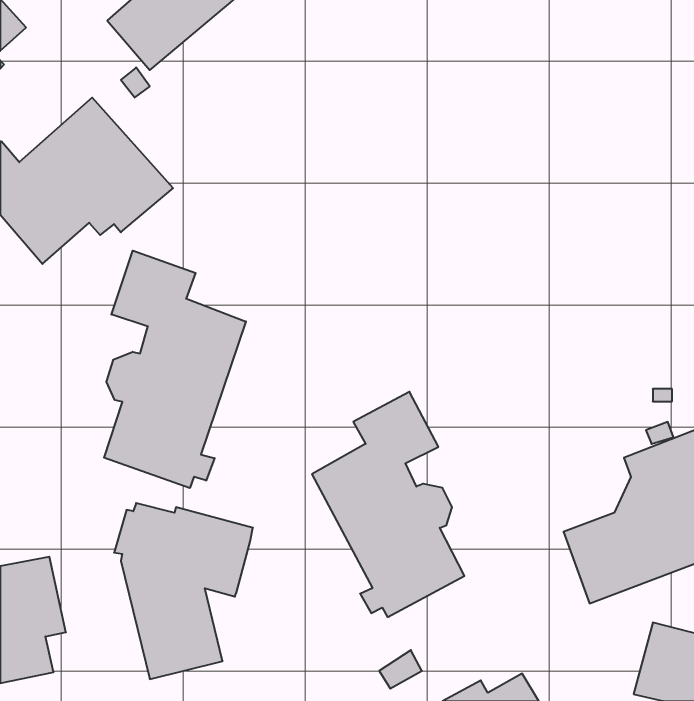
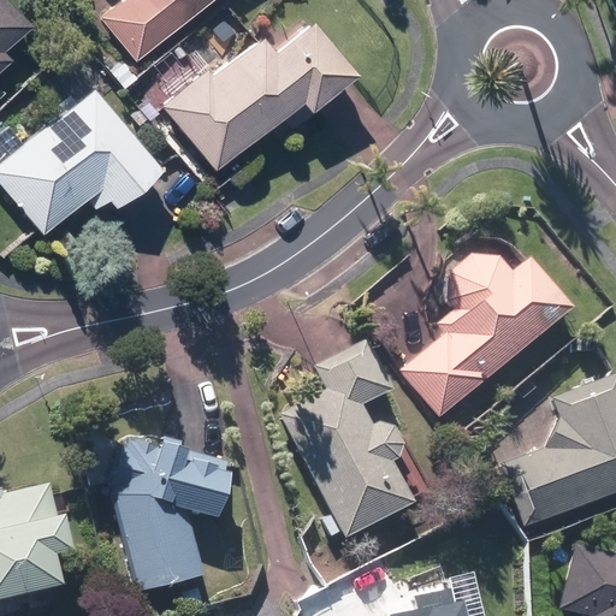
building: none -> [162,19,350,170]
building: [104,251,246,488] -> none
building: none -> [402,255,573,419]

